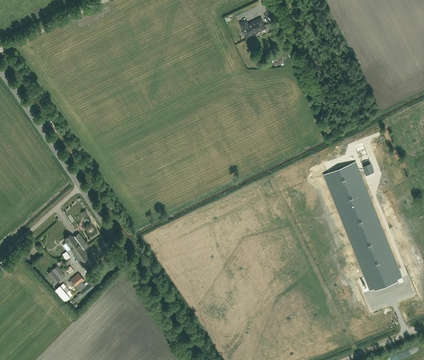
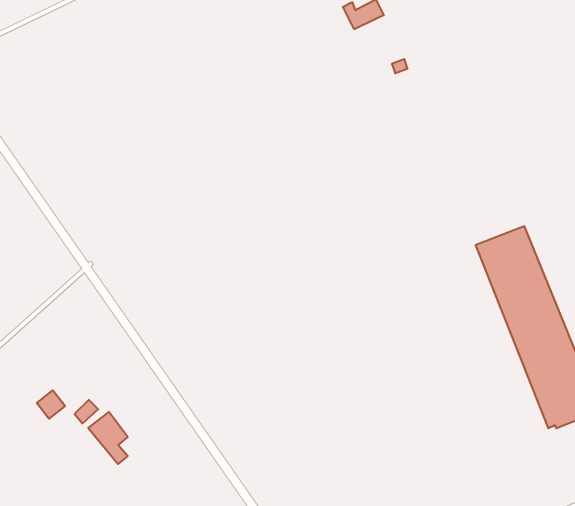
building: [63,230,88,263] -> [88,412,128,464]

